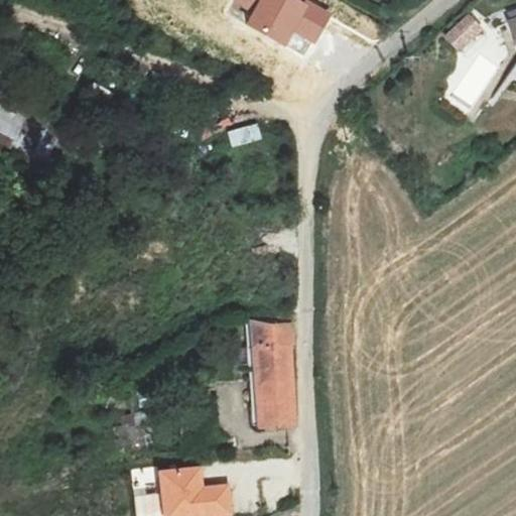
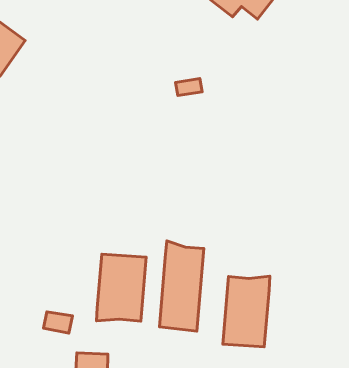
building: none -> [223,276,270,347]
building: none -> [96,254,146,321]

